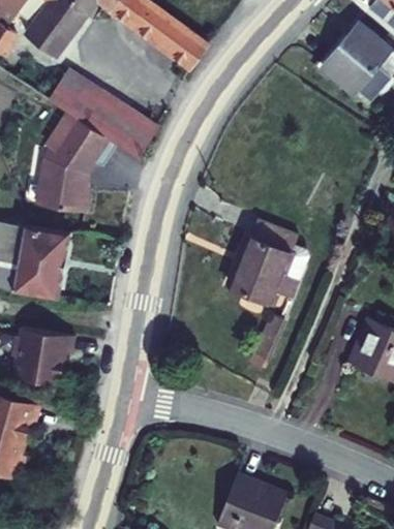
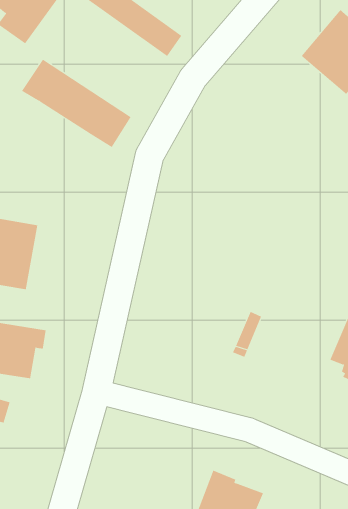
building: [37,112,117,213] -> none
building: [230,218,299,303] -> none

